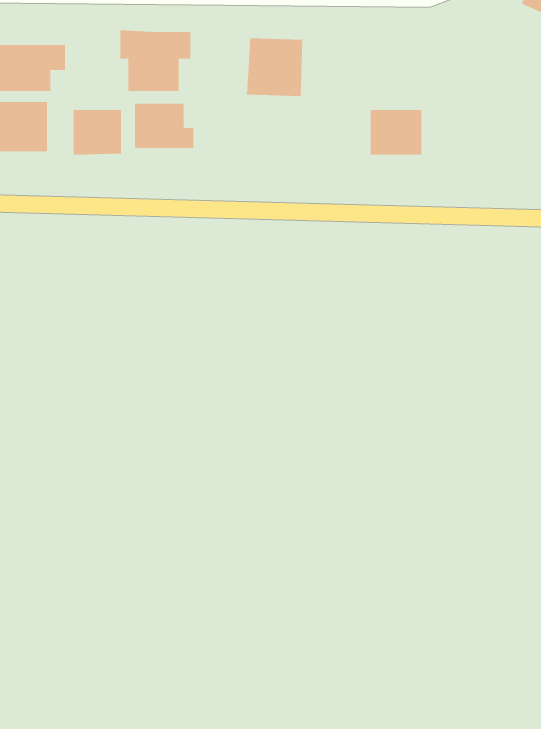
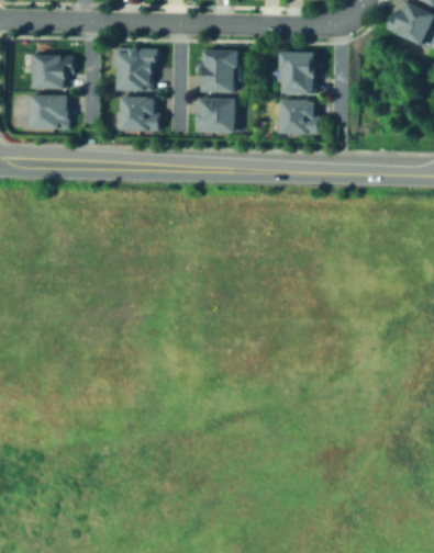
building: none -> [285,54,316,91]
building: none -> [193,99,232,133]
building: [73,109,121,156] -> none

